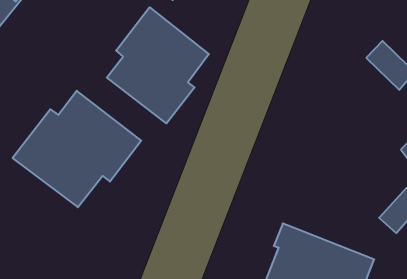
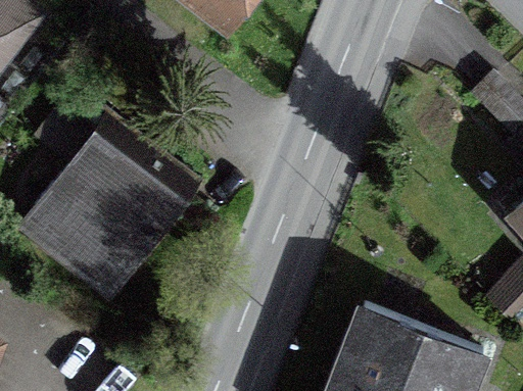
building: [107,7,209,123] -> none

